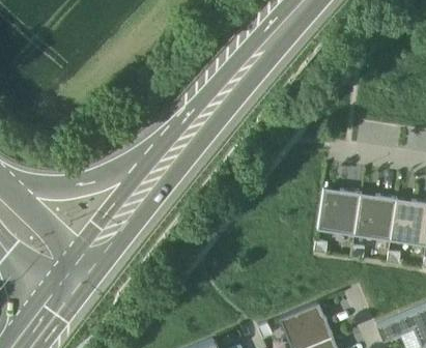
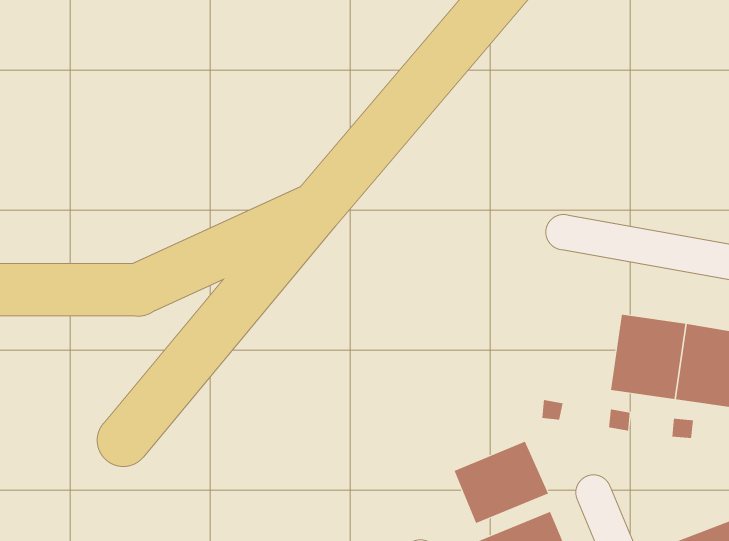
building: [316,187,359,235] -> none
building: none -> [454,441,549,524]

